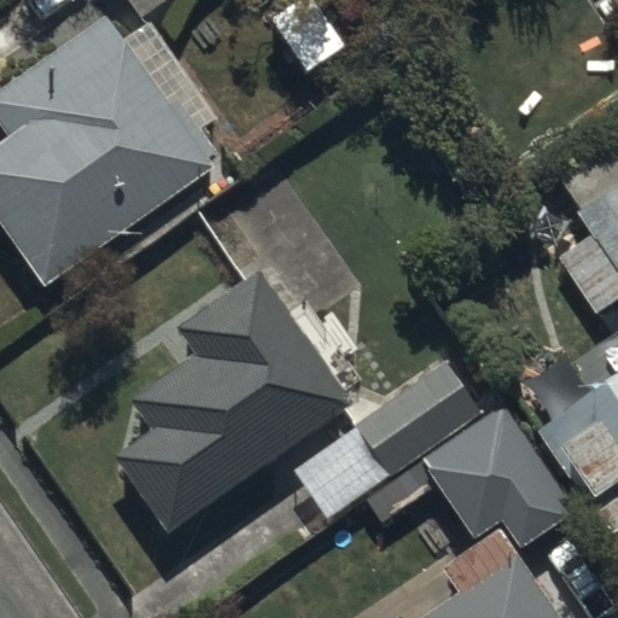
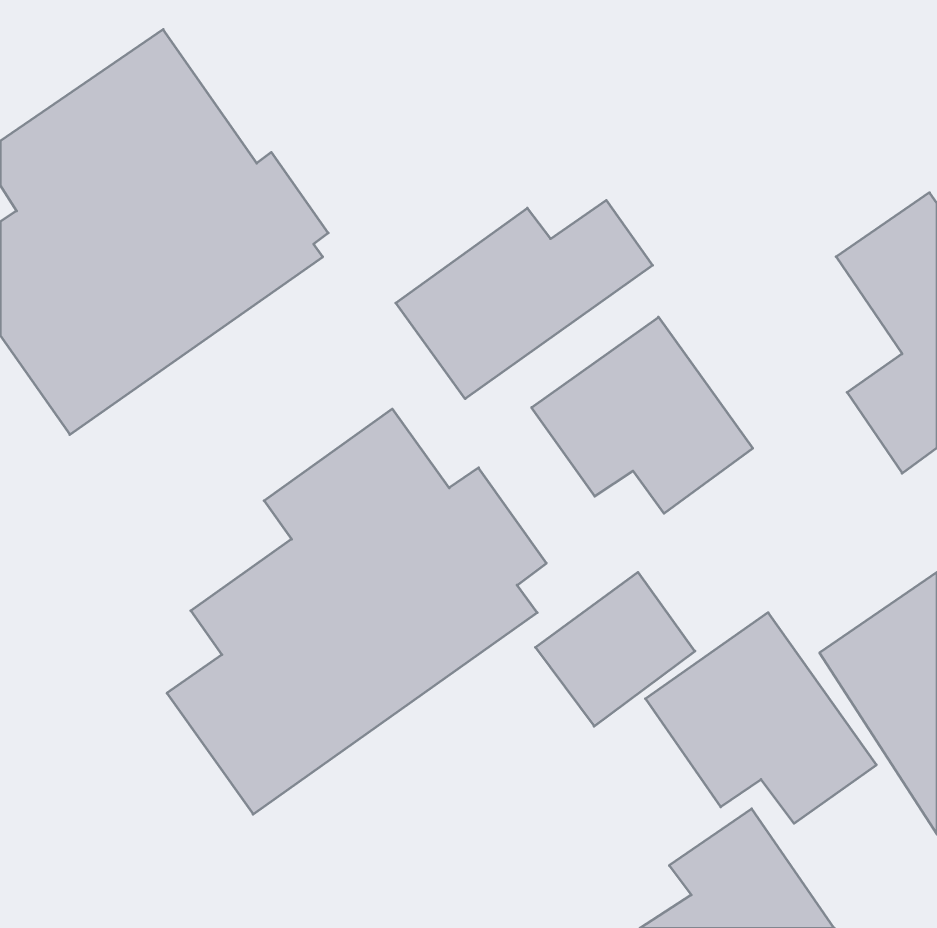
building: none -> [396,200,653,399]
building: none -> [532,317,753,513]

